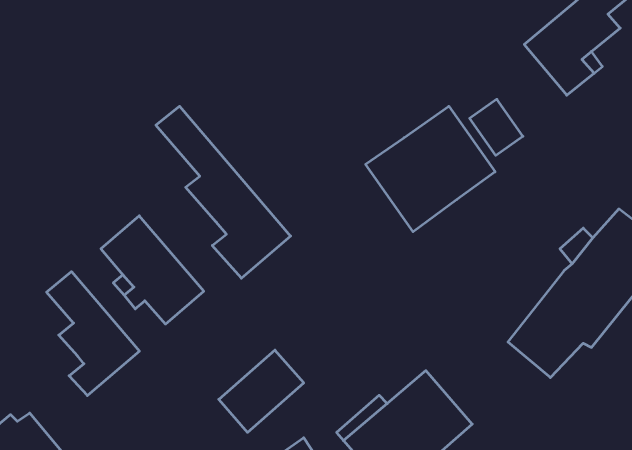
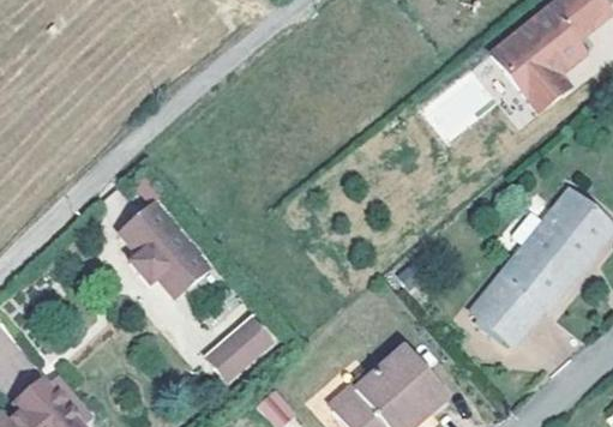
building: [156,106,291,278] -> none
building: [366,106,495,232] -> none
building: [47,272,139,396] -> none

